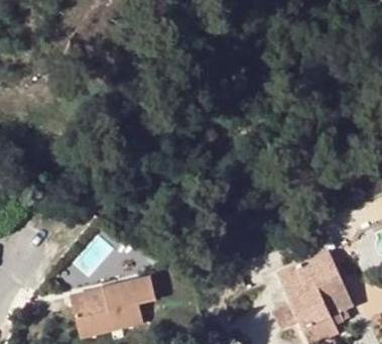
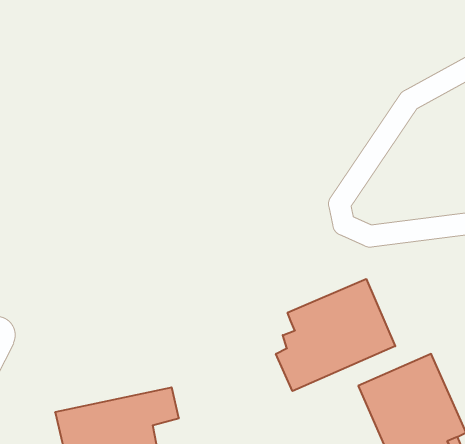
building: none -> [276,279,395,391]

